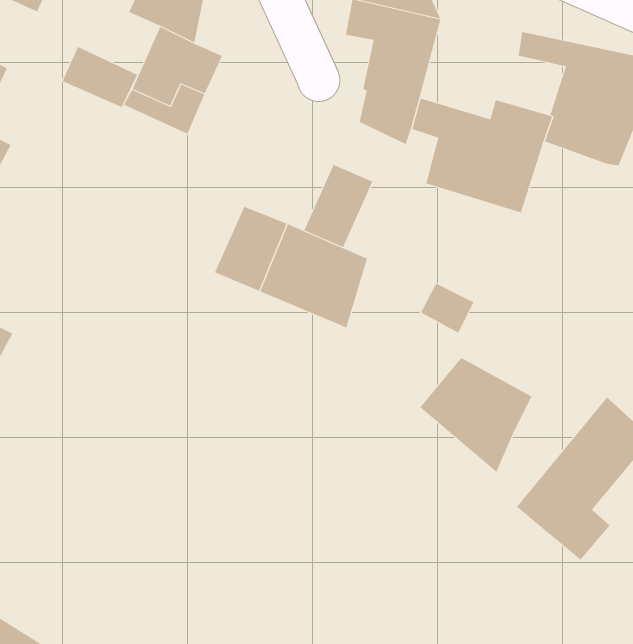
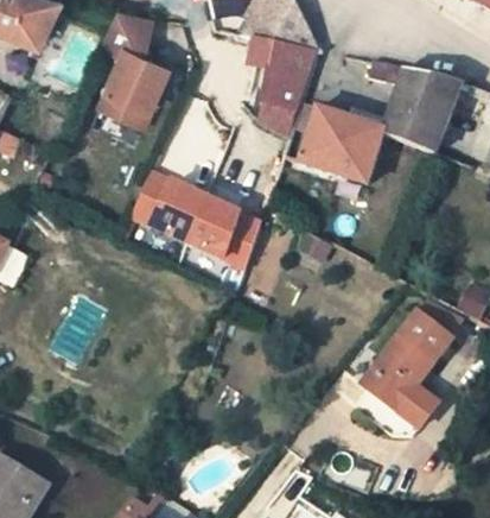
building: [62,46,138,108] -> none
building: [303,164,373,248] -> [131,169,178,226]
building: [419,357,532,473] -> none

